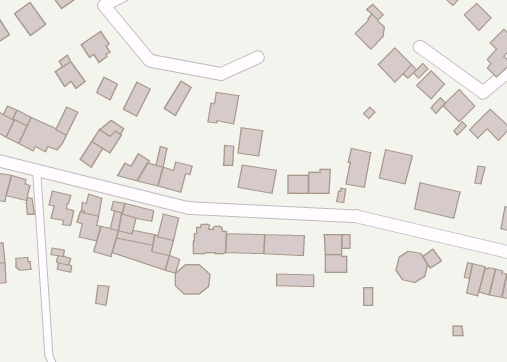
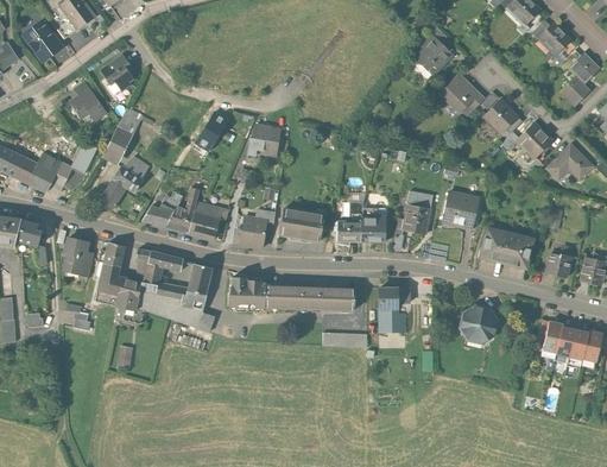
building: [123,82,150,116] -> [102,125,133,164]
building: [238,128,263,156] -> [239,215,267,247]
building: none -> [545,245,571,277]
building: [176,264,210,294] -> none

